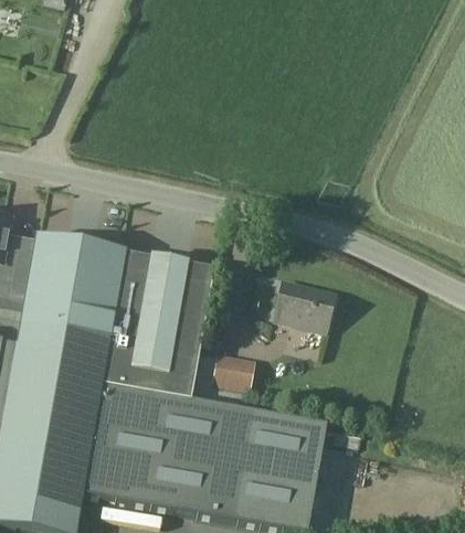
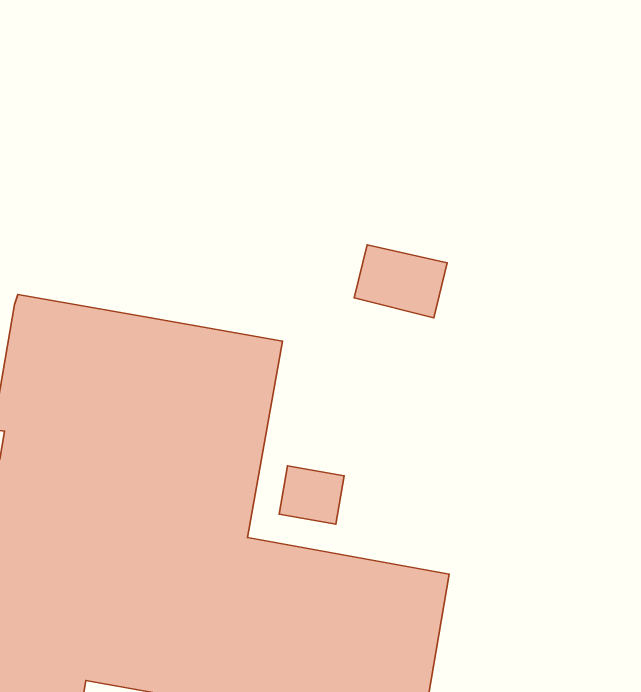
building: [272,279,334,328] -> [354,245,447,318]

